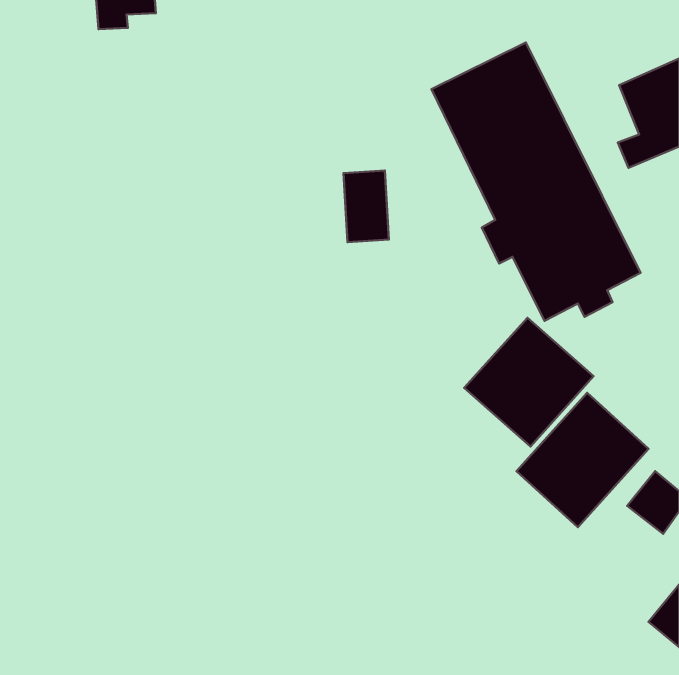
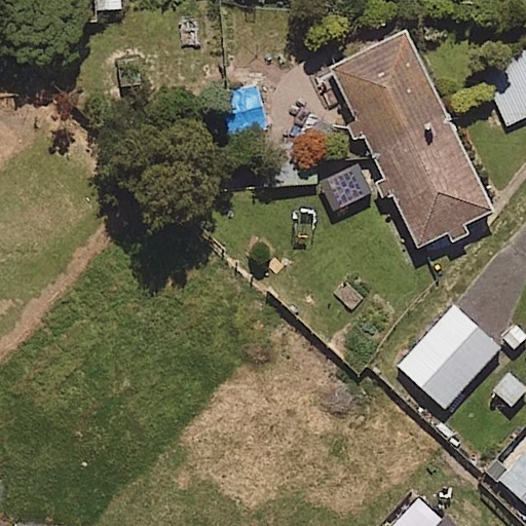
building: [464,318,593,446] -> none

